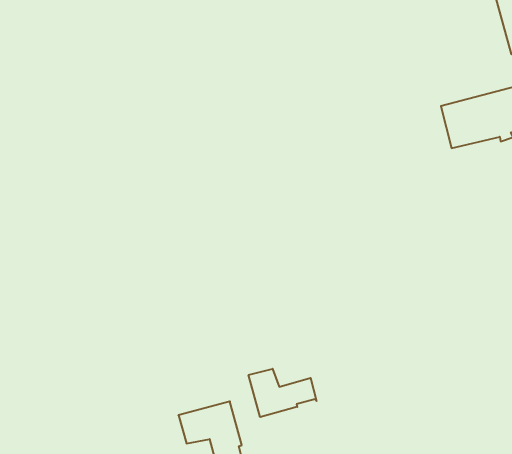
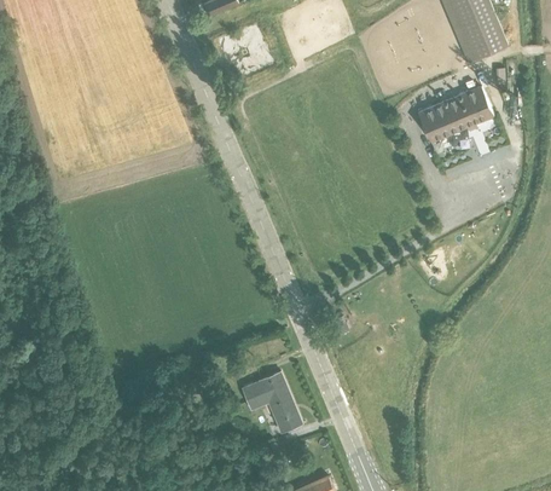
building: [249,369,317,417] -> none

